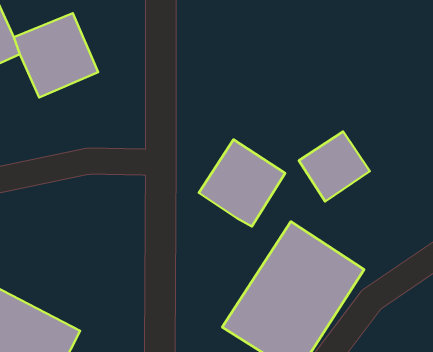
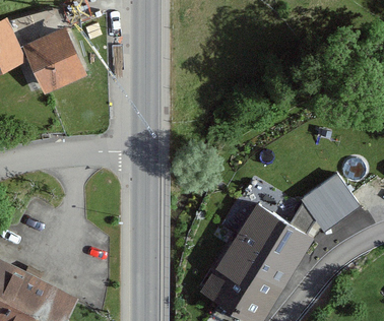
building: [299,132,370,201] -> [298,166,358,224]
building: [199,140,285,226] -> none

